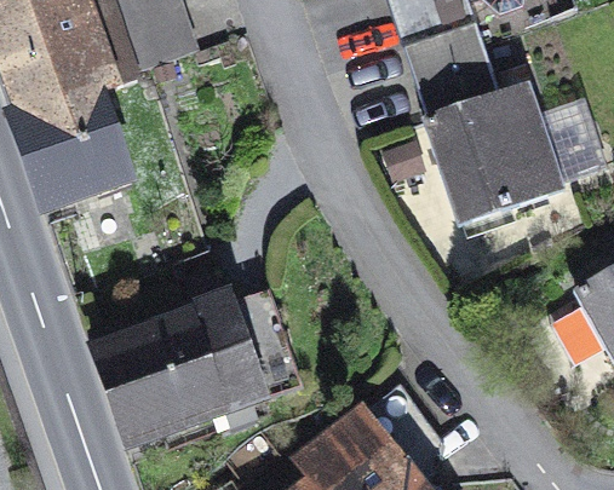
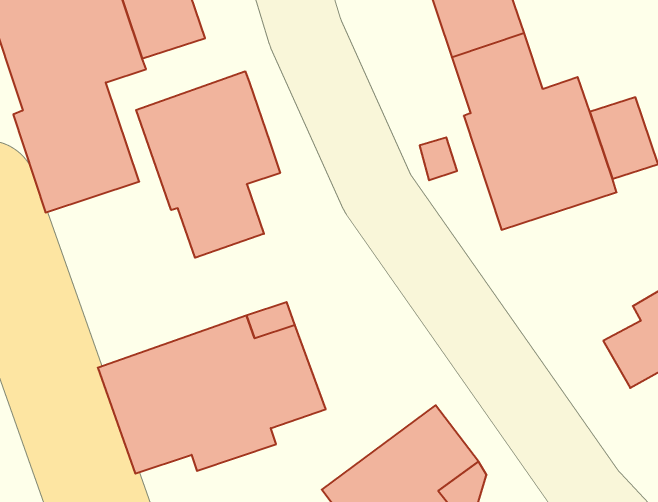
building: none -> [136,71,280,258]

